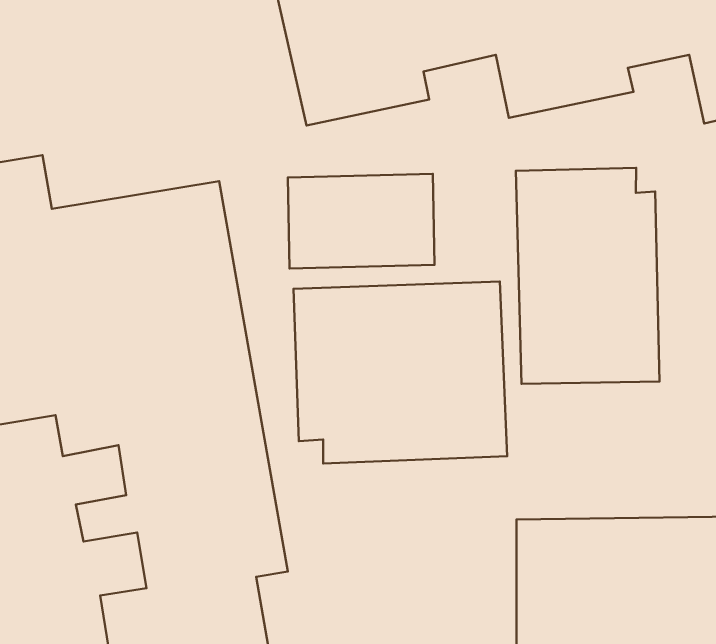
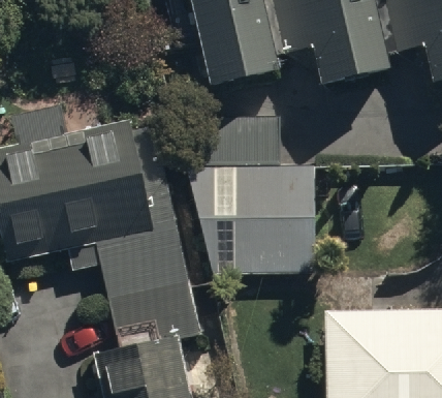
building: [516,168,659,384] -> none

